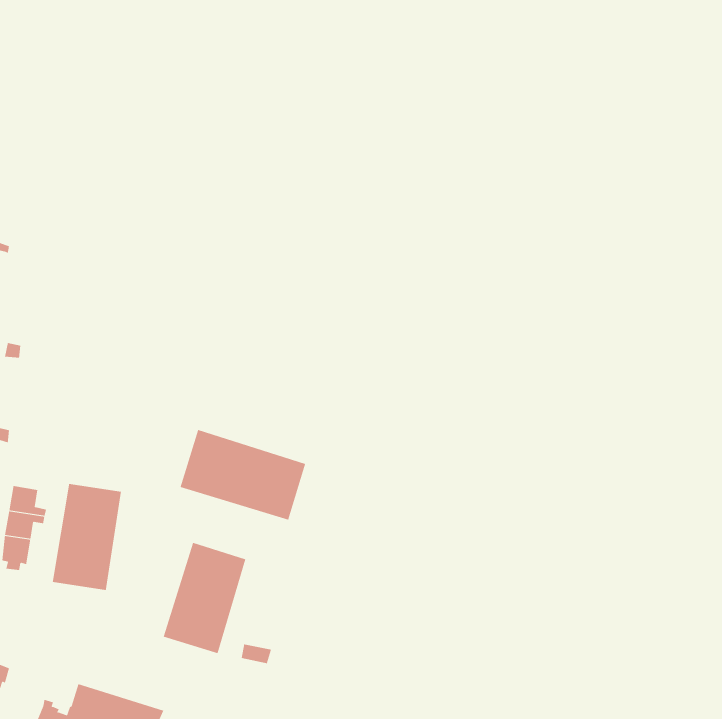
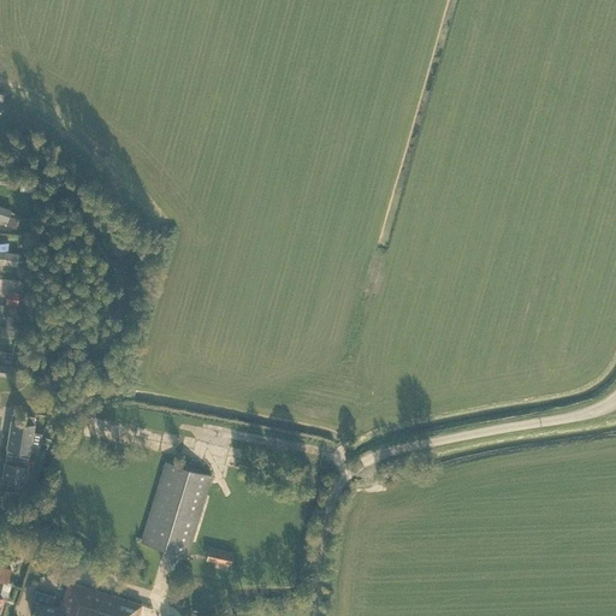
building: [180,429,306,521] -> none
building: [52,483,121,591] -> none

